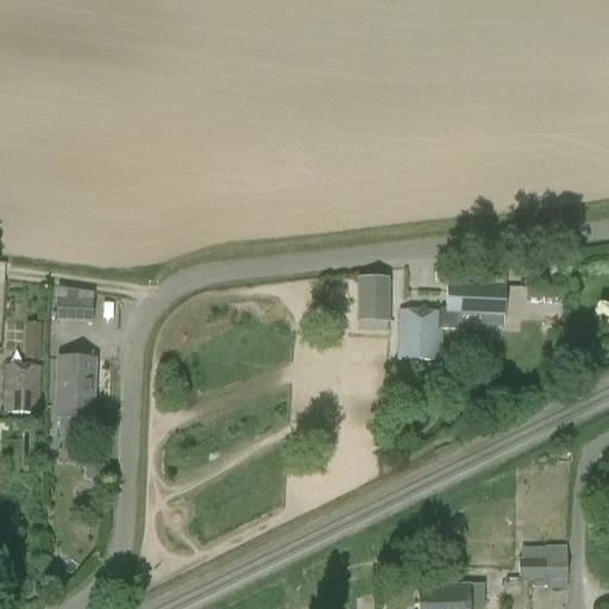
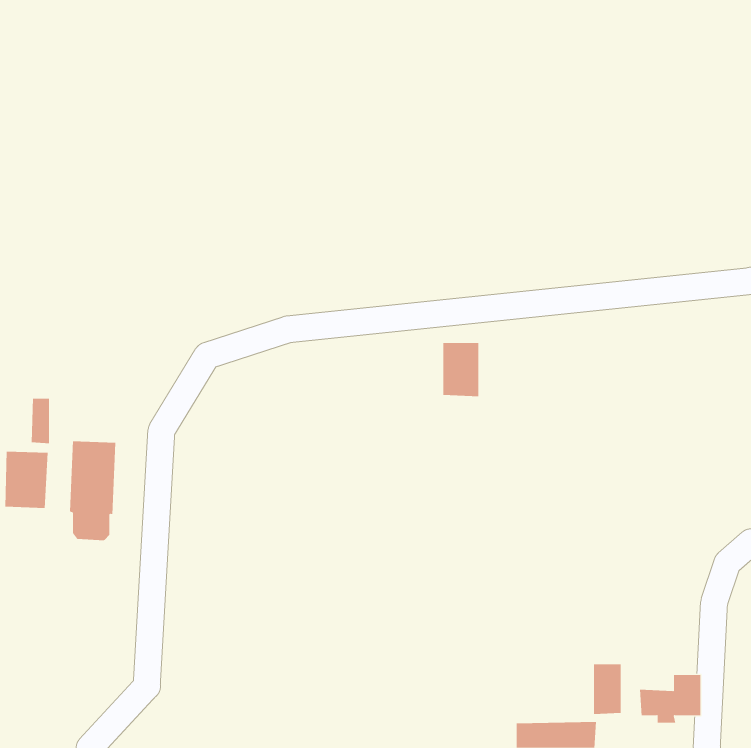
building: [397,275,506,359] -> none
building: [55,285,93,321] -> none
building: none -> [593,664,621,715]

